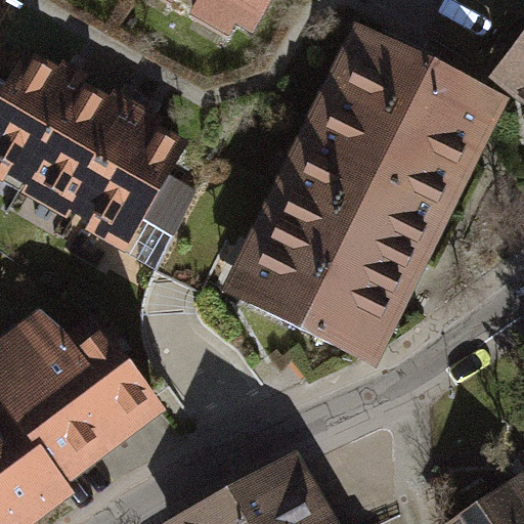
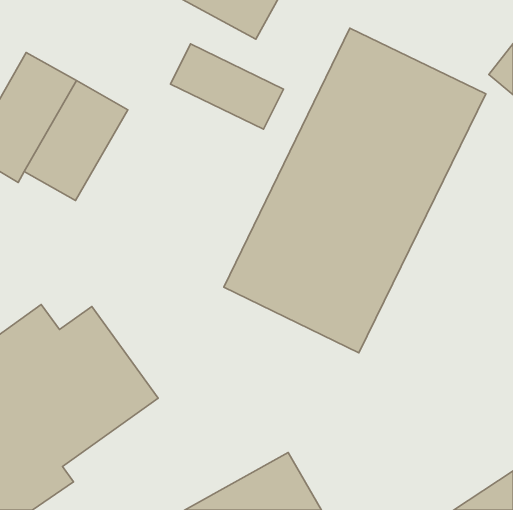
building: none -> [171,44,283,129]
building: [77,112,196,235] -> none

